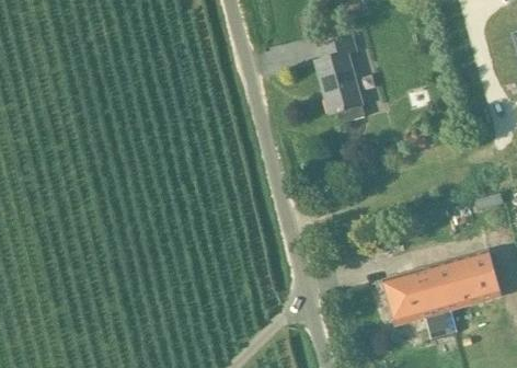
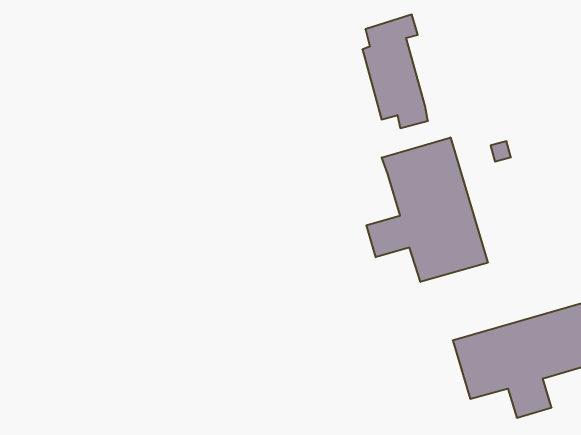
building: none -> [366,137,488,282]

